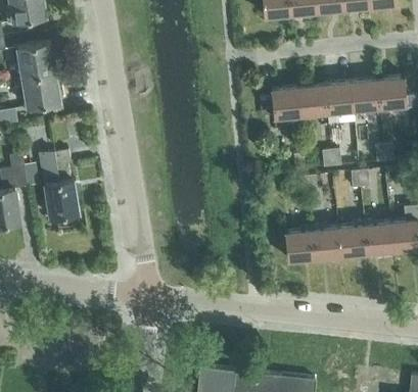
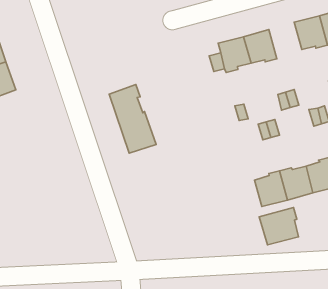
building: [324,83,354,116] -> none
building: [40,151,79,218] -> [109,84,156,153]
building: none -> [259,207,299,245]

